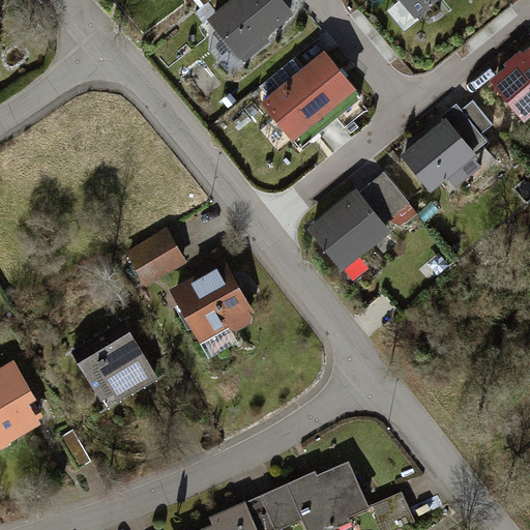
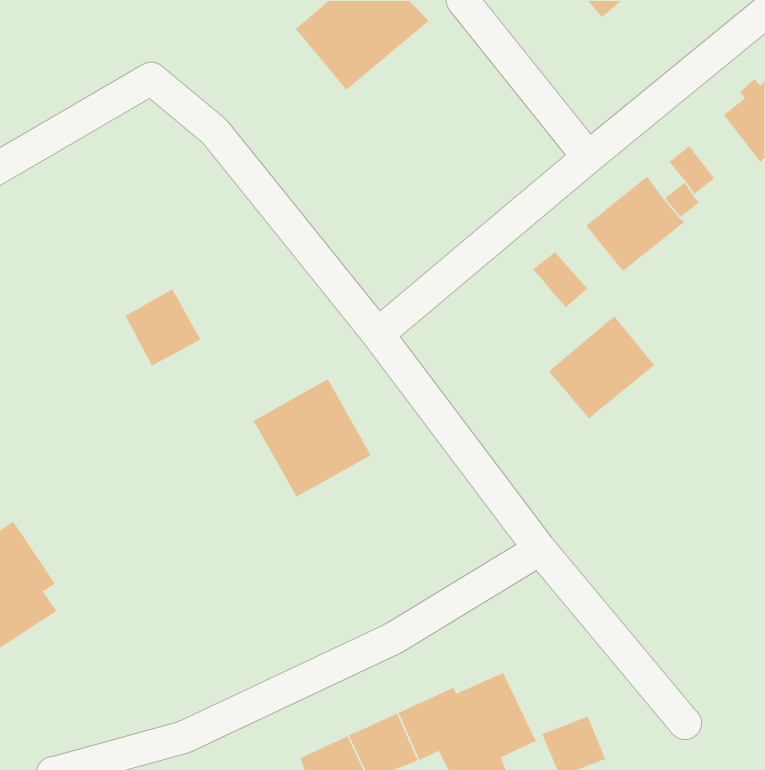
building: [263,54,360,148] -> none
building: [308,195,382,266] -> [548,315,655,420]
building: [139,227,192,281] -> [124,288,202,367]
building: [72,322,152,402] -> none

